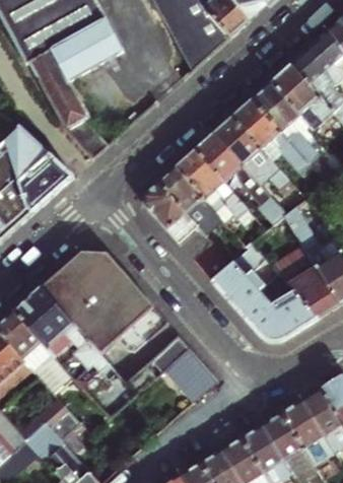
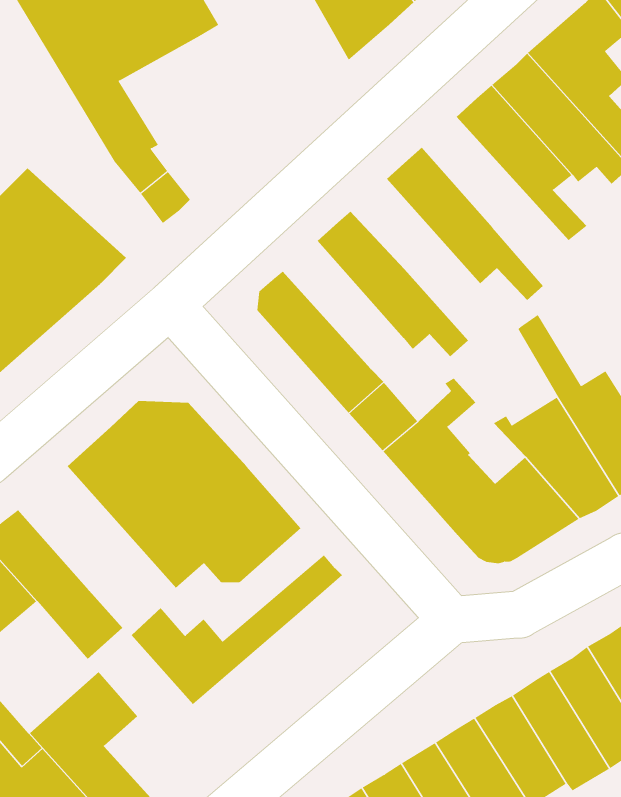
building: [232,98,312,174] -> none
building: [194,132,285,223] -> none
building: [157,165,222,234] -> none
building: [14,287,115,378] -> none
building: [165,346,218,400] -> none

